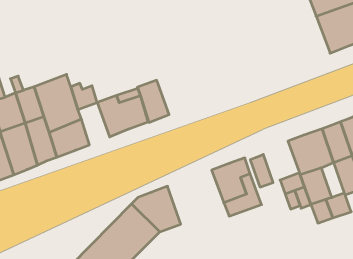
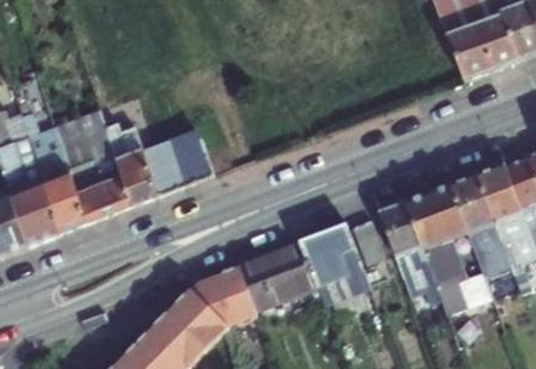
building: [137,80,169,122] -> [115,147,159,205]
building: none -> [378,200,421,254]
building: none -> [239,240,317,308]

